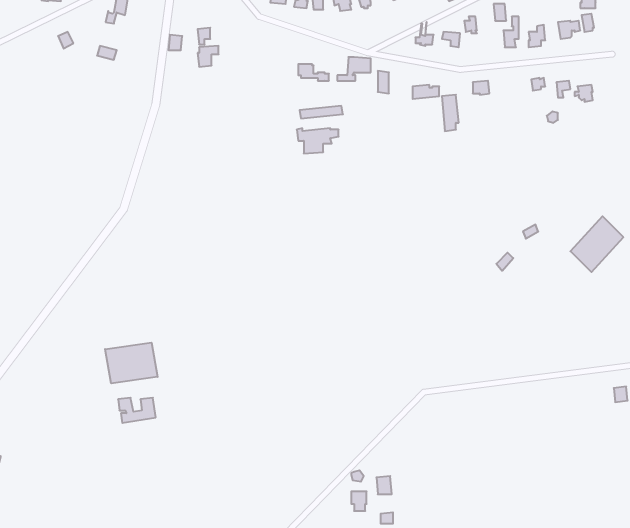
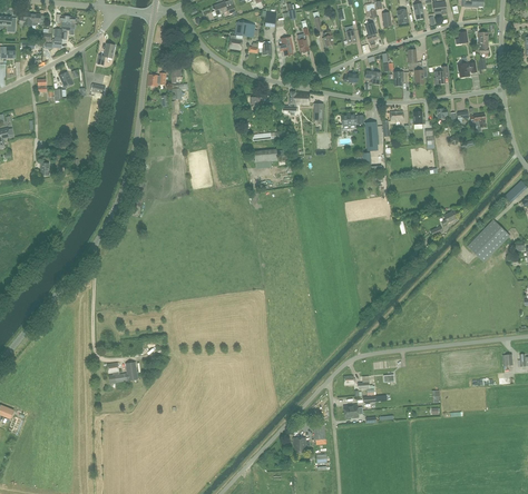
building: [105,343,158,383] -> none

